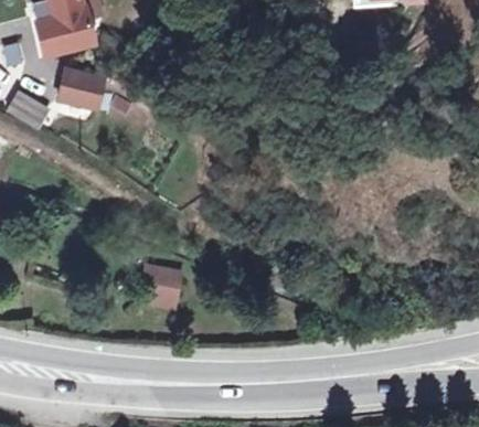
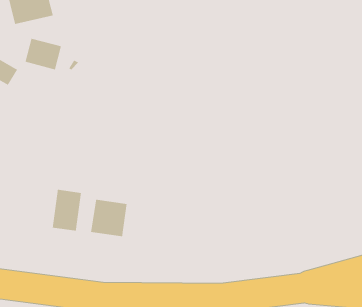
building: none -> [52,189,82,232]

